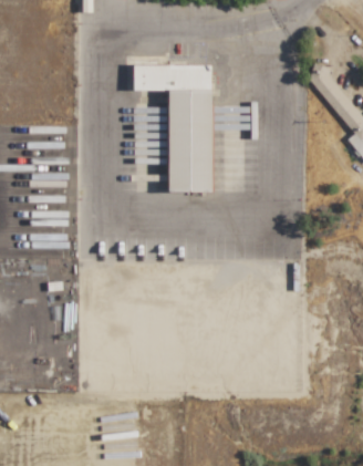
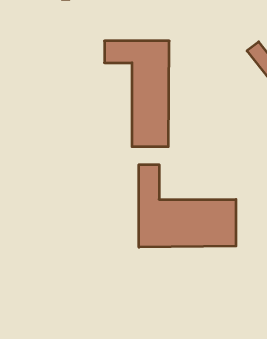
building: none -> [139,165,236,247]

